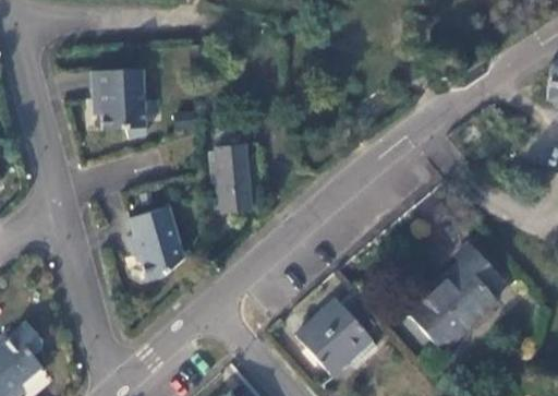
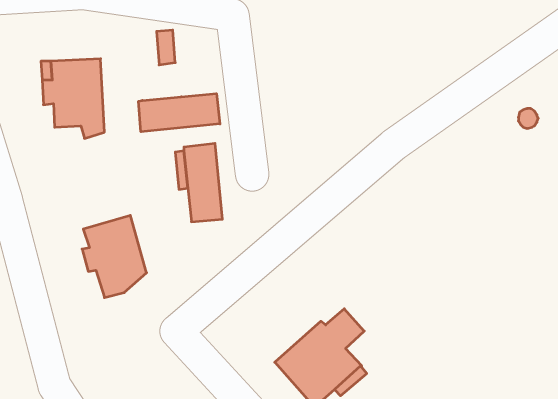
building: none -> [139,94,220,132]
building: [409,241,505,350] -> none

